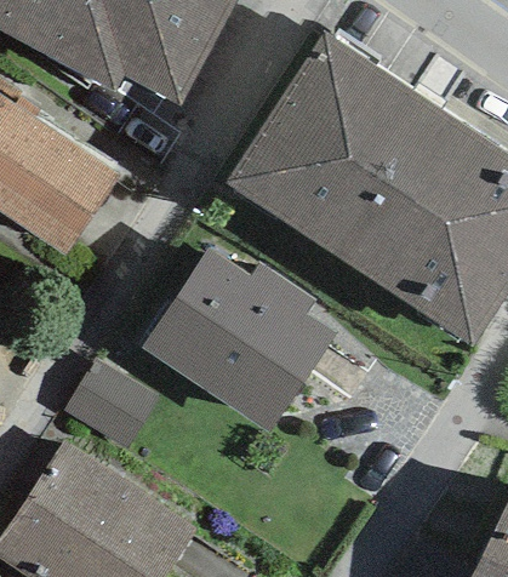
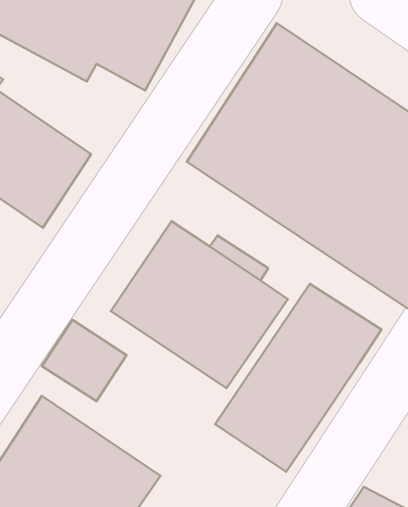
building: none -> [215,284,381,472]

